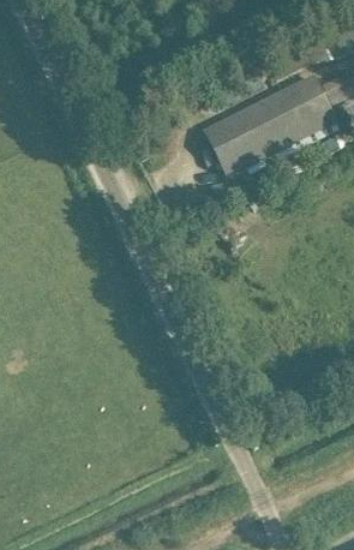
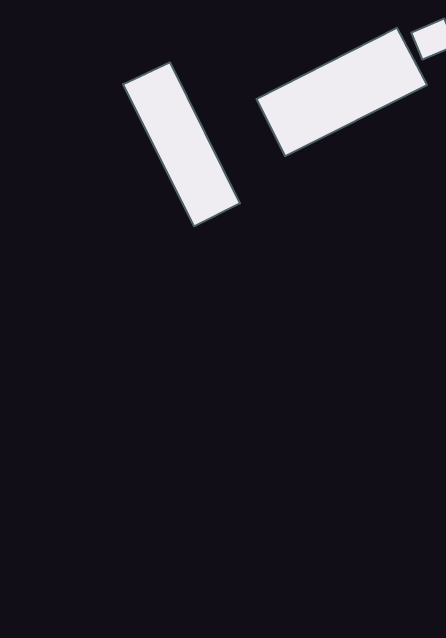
building: none -> [123,62,240,226]

